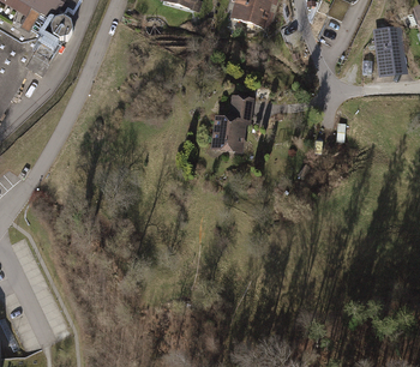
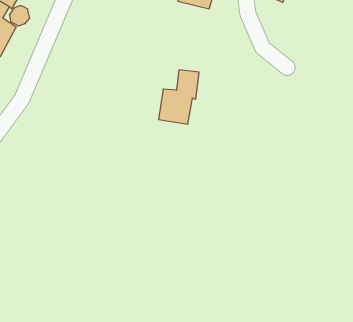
building: [372,26,406,72] -> none

